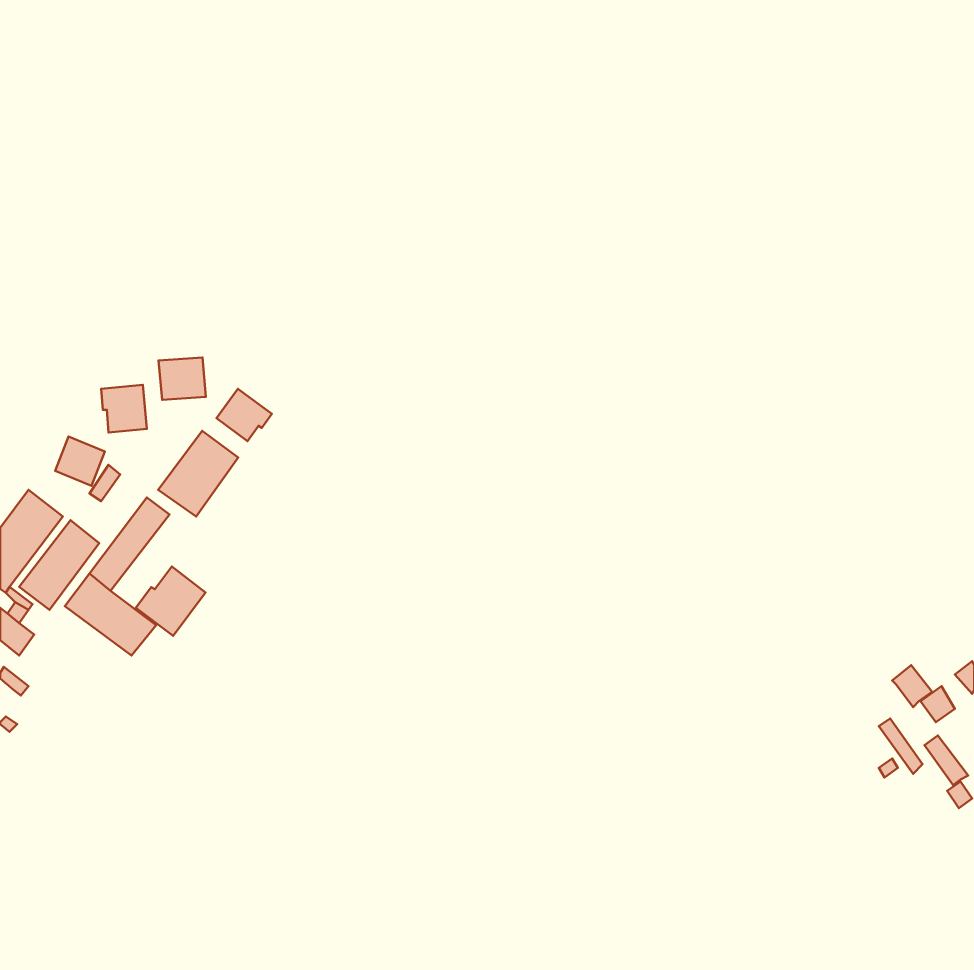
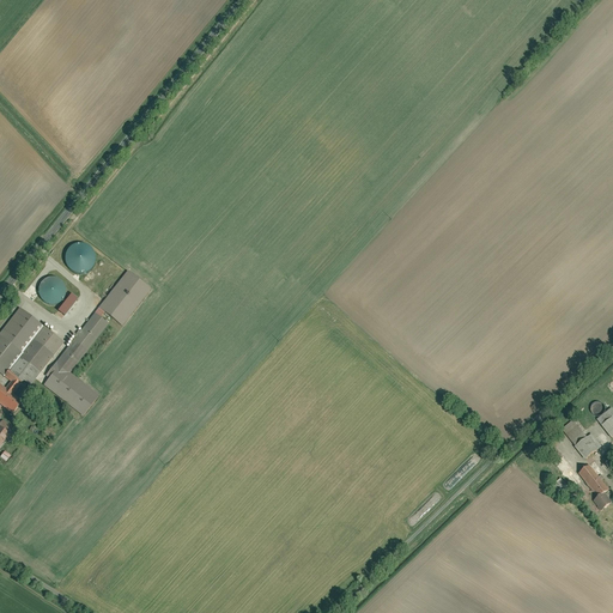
building: [159,357,206,400] -> none
building: [217,389,272,441] -> none
building: [136,567,206,636] -> none

